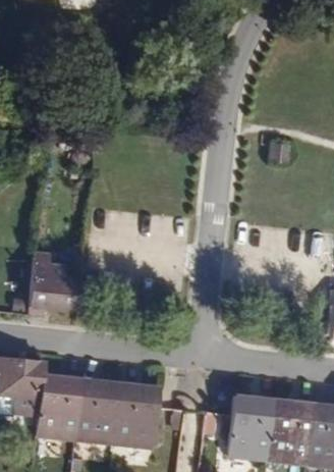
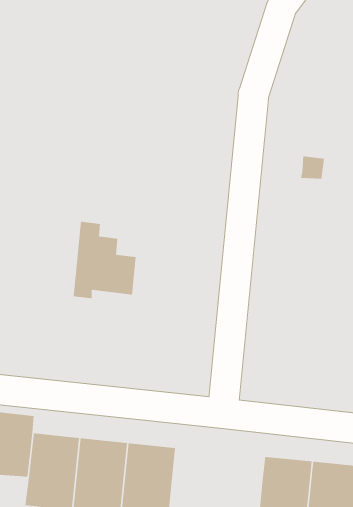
building: [25,251,78,315] -> [73,221,137,299]

